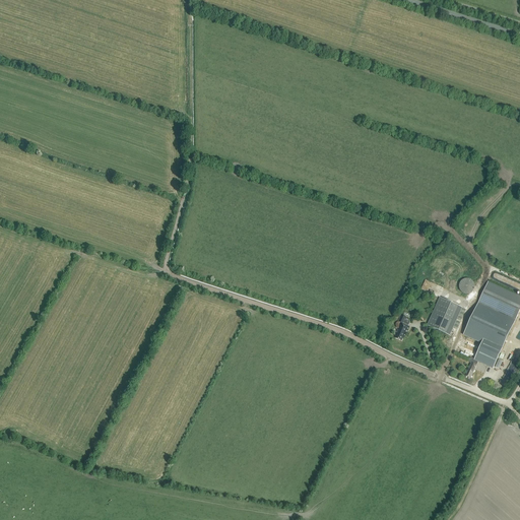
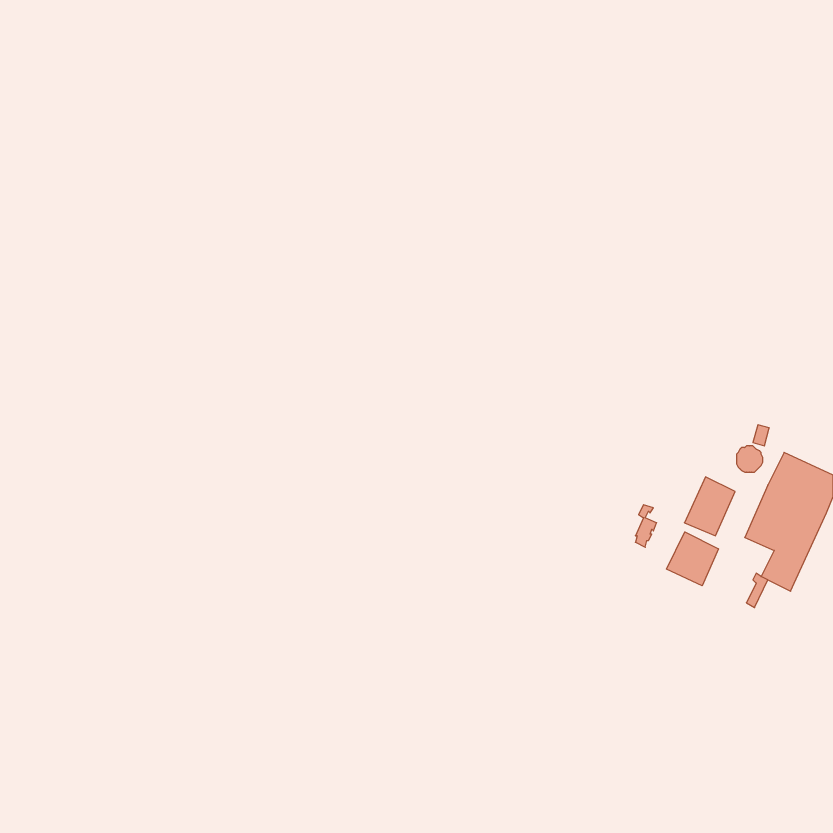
building: none -> [666,532,718,586]

